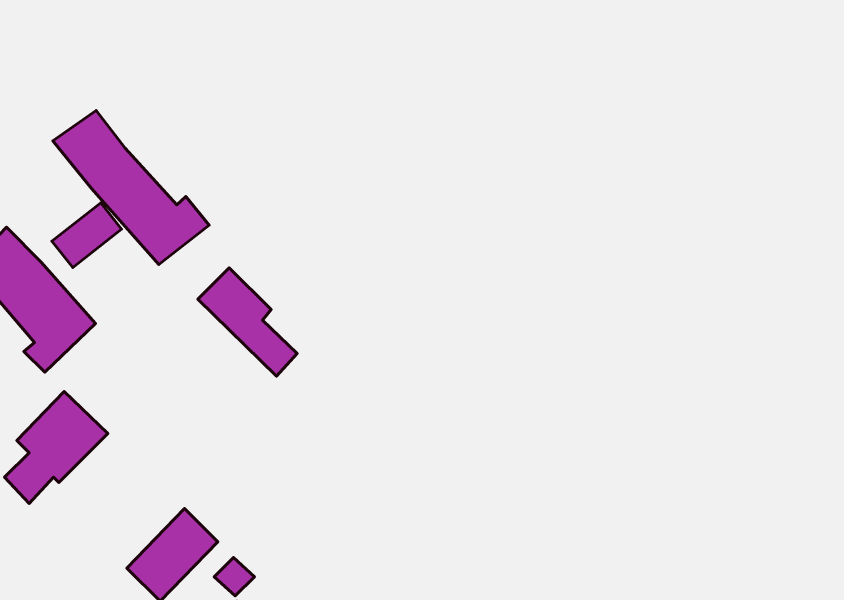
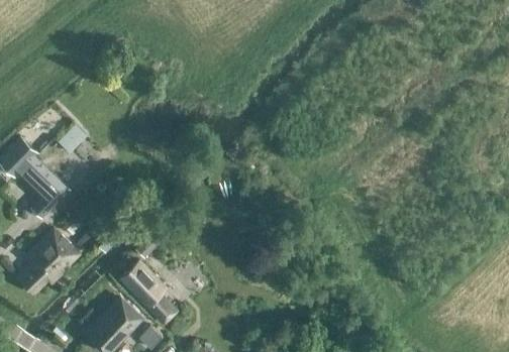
building: [53,110,209,264] -> none
building: [198,268,297,376] -> [118,261,176,324]

